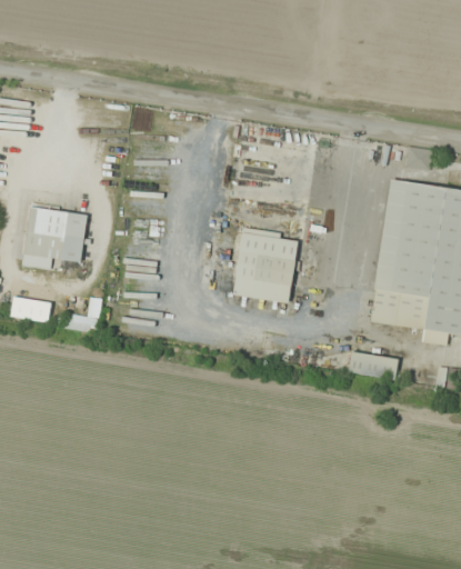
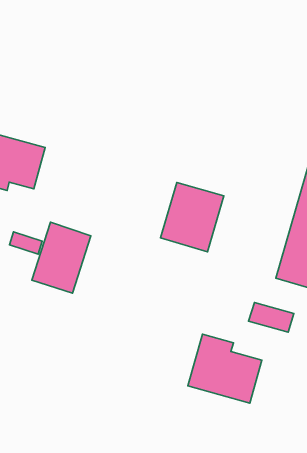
building: none -> [32,222,91,293]
building: none -> [188,334,262,403]

